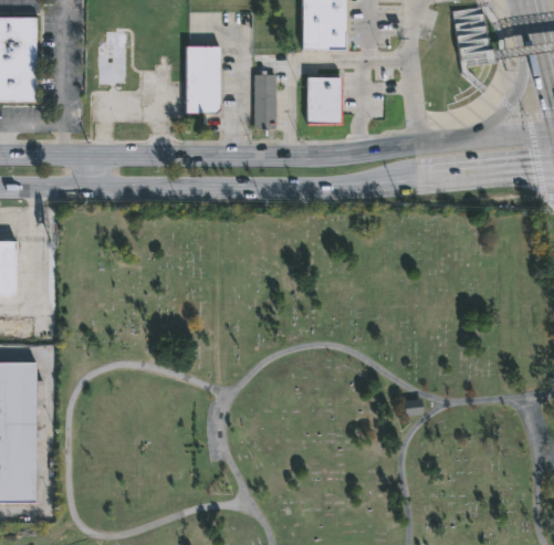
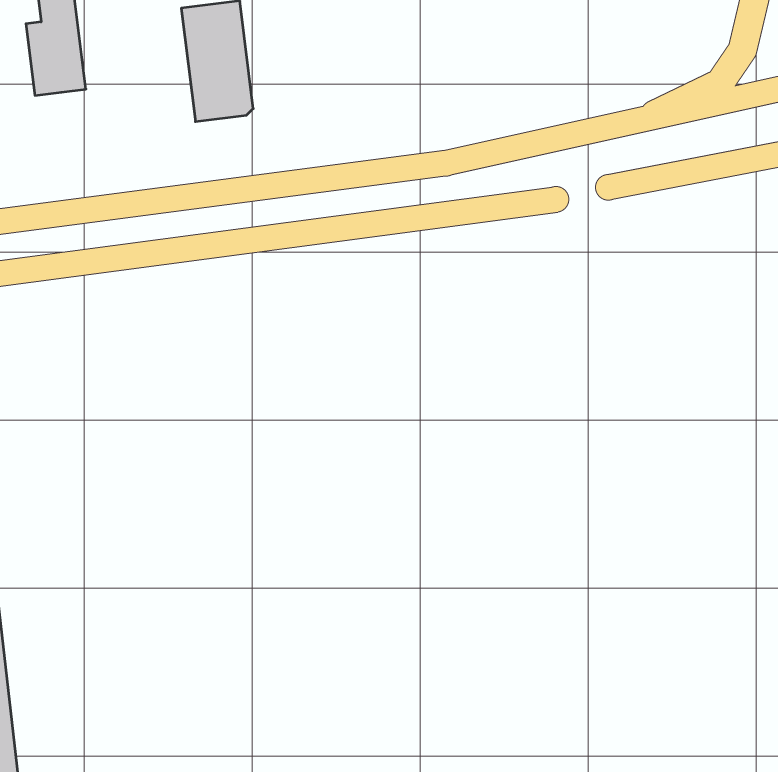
building: [252,70,274,130] -> none
building: [304,75,336,123] -> none

